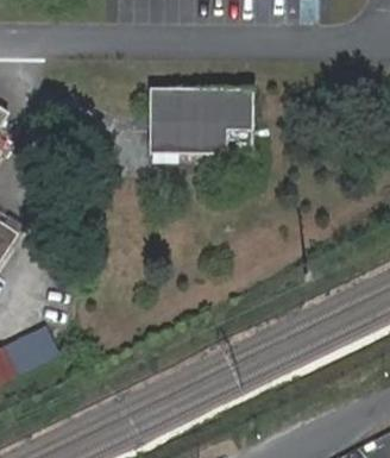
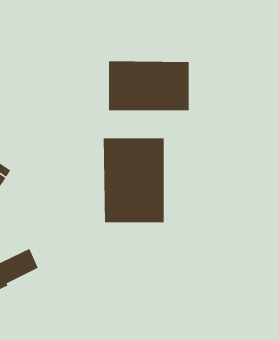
building: none -> [103,137,164,223]

